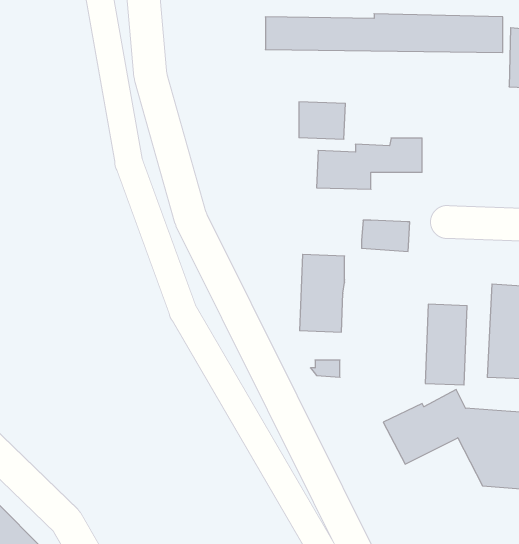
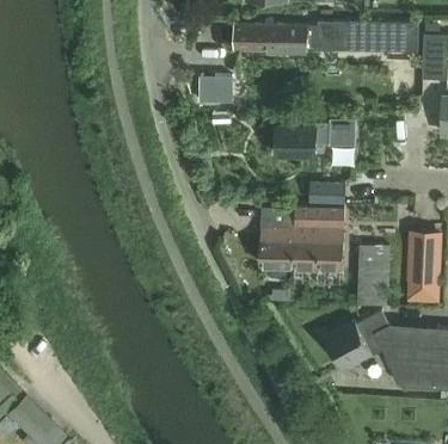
building: [299,102,345,139] -> [198,75,234,104]
building: none -> [293,208,343,269]

